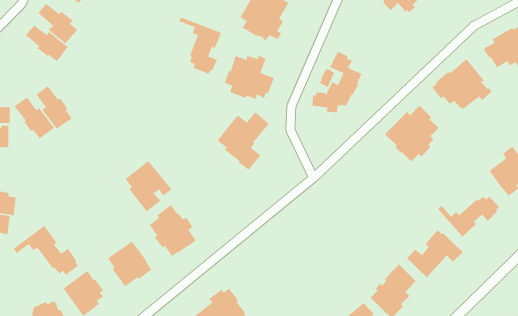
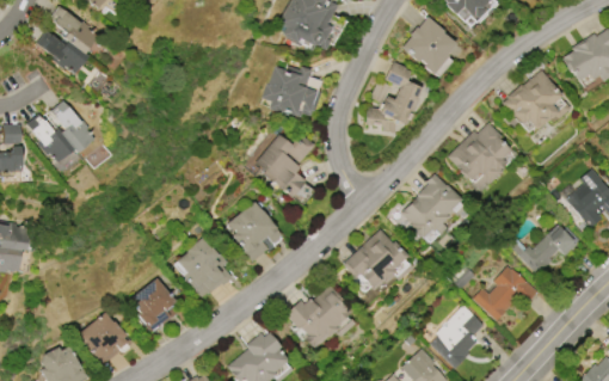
building: none -> [401,17,456,74]
building: [178,17,222,75] -> none
building: none -> [401,173,467,238]
building: [125,160,173,212] -> [228,202,283,262]
building: none -> [343,229,414,290]
building: [13,225,79,276] -> none
building: none -> [285,285,357,349]

